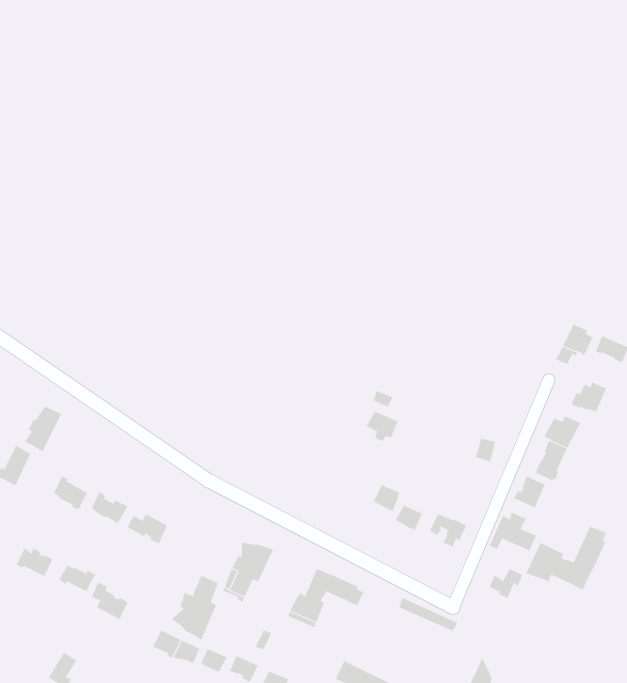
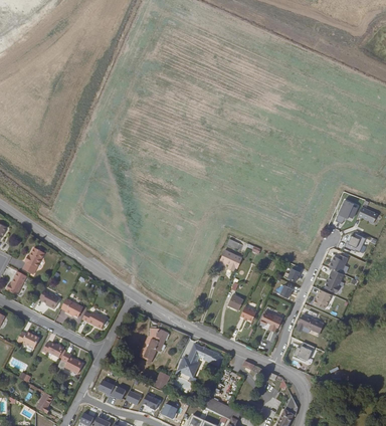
building: [526,526,607,590] -> none
building: [171,575,219,640] -> none

